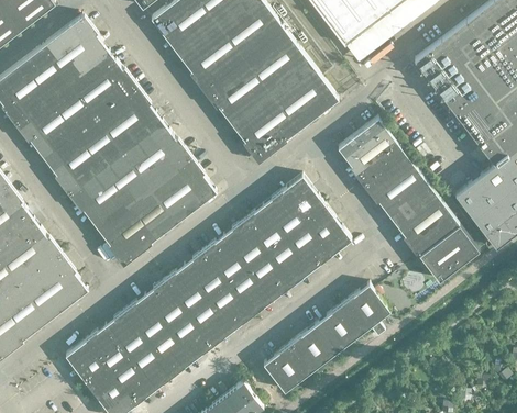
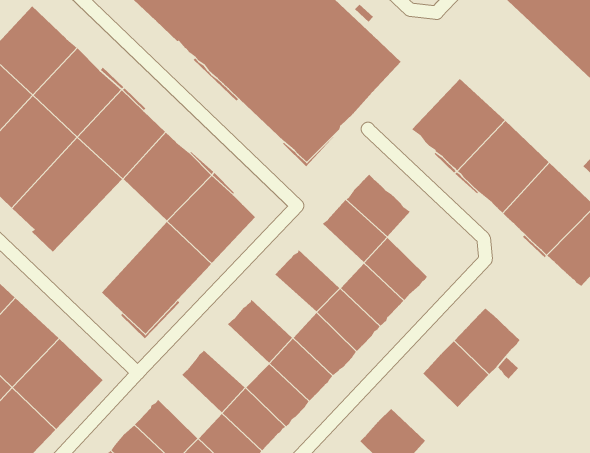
building: [67,150,152,228] -> none
building: [242,205,287,254] -> none
building: [307,208,351,256] -> none
building: [202,236,248,283] -> none
building: [163,266,208,313] -> none
building: [124,297,168,344] -> none
building: [289,324,337,372] -> none

